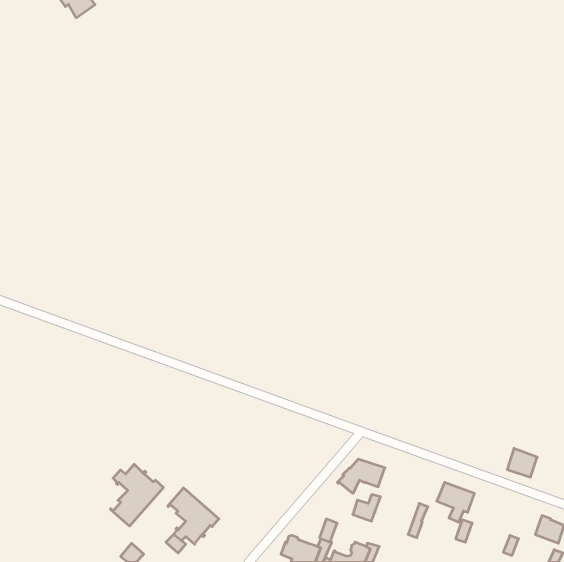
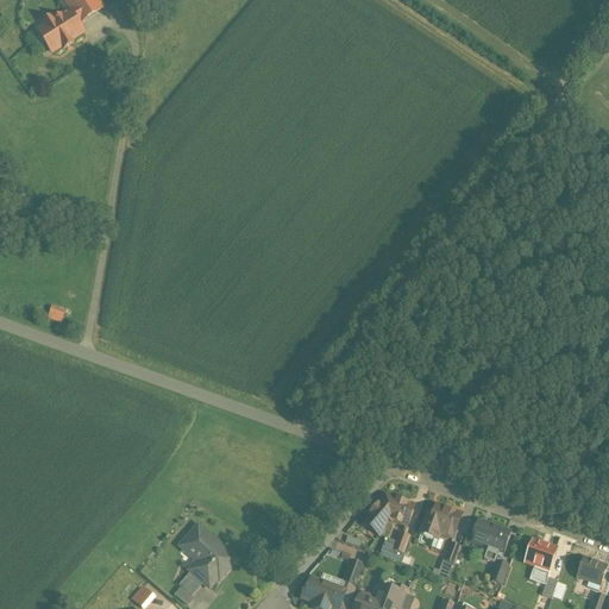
building: none -> [38,5,83,50]
building: [507,448,537,477] -> [525,538,557,569]
building: [111,464,163,526] -> none
building: none -> [420,503,462,538]

